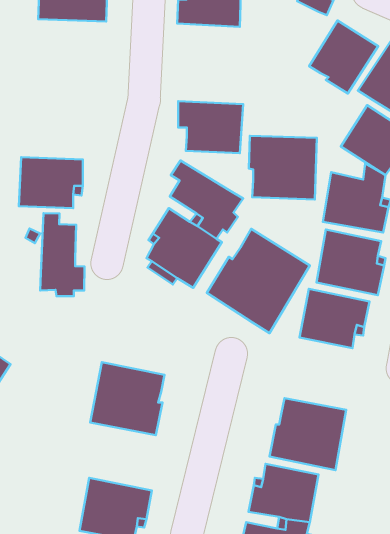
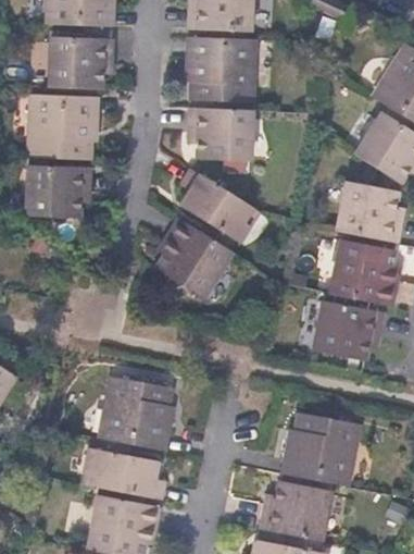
building: [309,20,378,94] -> none
building: none -> [48,37,113,89]
building: none -> [27,96,98,159]
building: [249,136,317,199] -> [186,37,255,102]
building: [40,213,84,296] -> none
building: [207,229,310,333] -> none
building: none -> [85,448,165,500]

